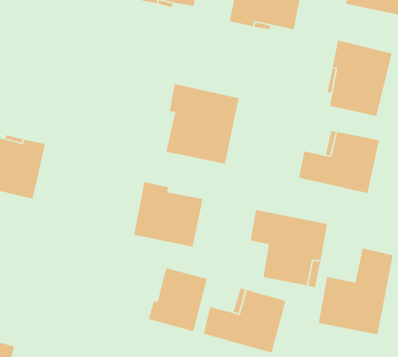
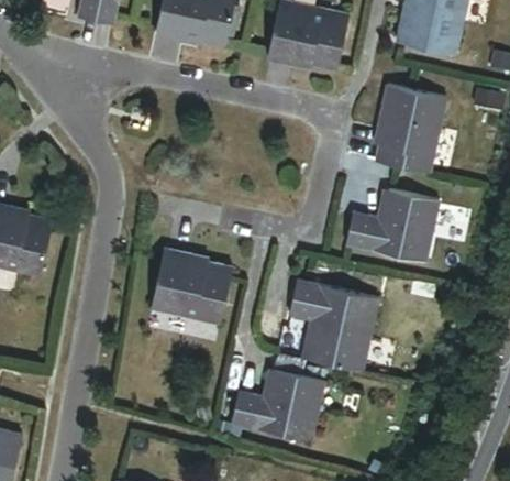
building: [165,83,240,164] -> none
building: [318,248,394,335] -> none
building: [148,267,208,332] -> none

